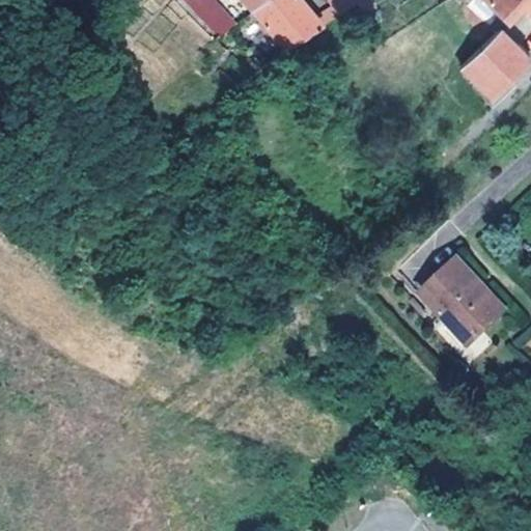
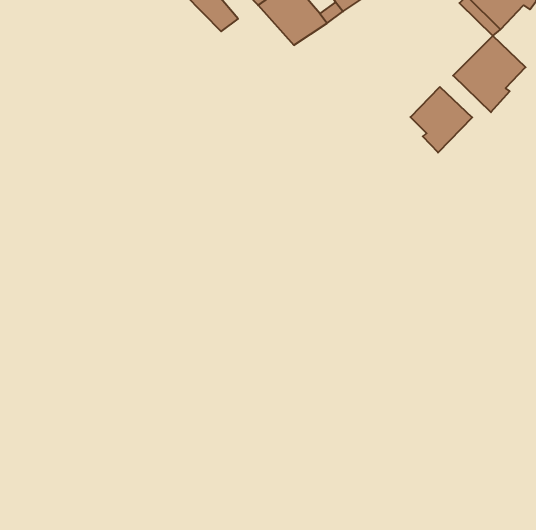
building: none -> [410,87,472,153]
building: [424,256,508,341] -> none

